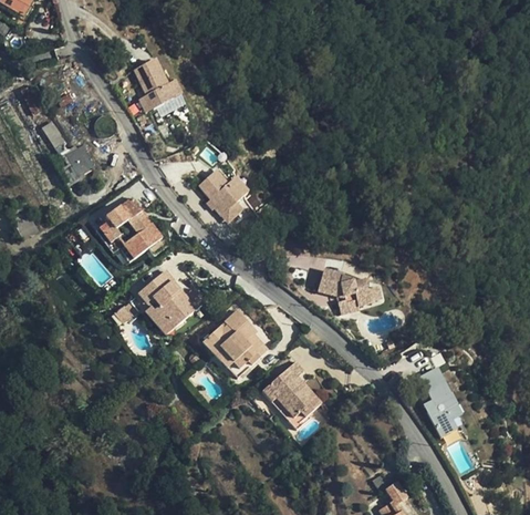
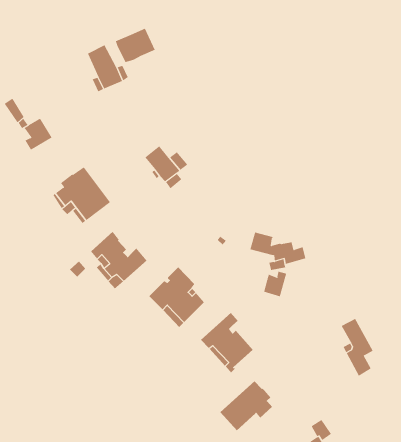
building: none -> [115,28,155,63]
building: none -> [263,271,287,297]
building: none -> [220,380,273,431]

